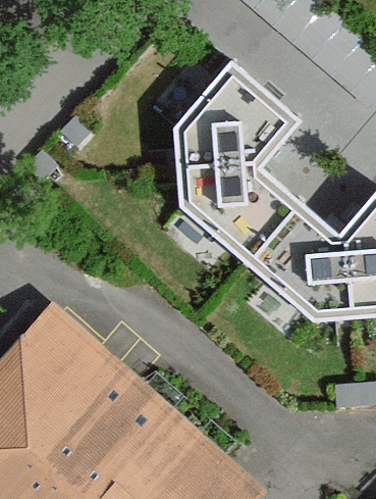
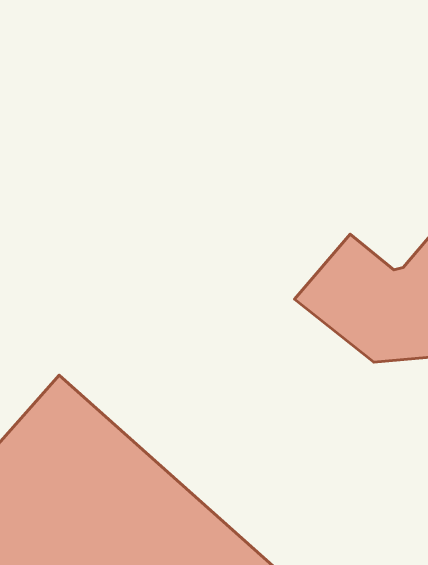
building: [182,64,304,260] -> none

